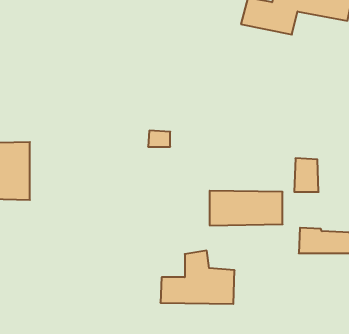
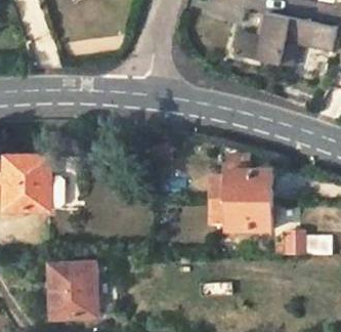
building: [160,251,235,304] -> [207,156,272,203]
building: none -> [51,265,96,320]

